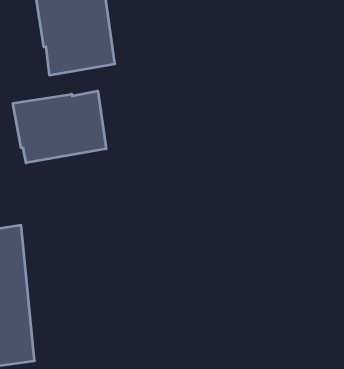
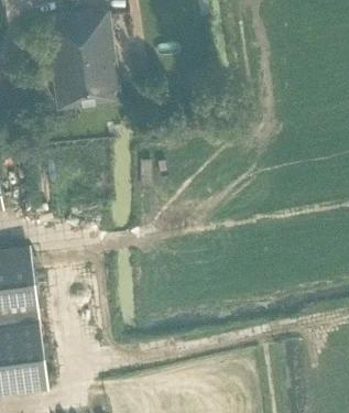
building: [13,91,106,163] -> none

